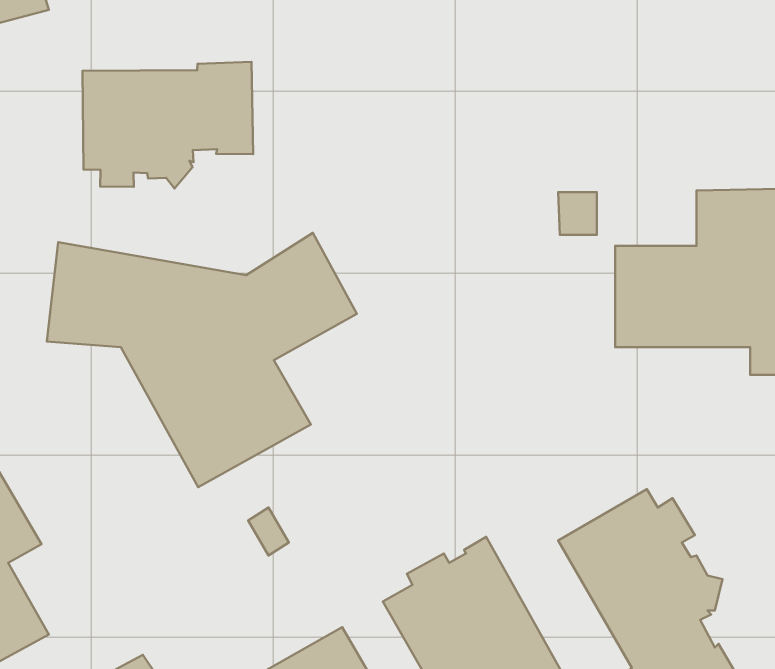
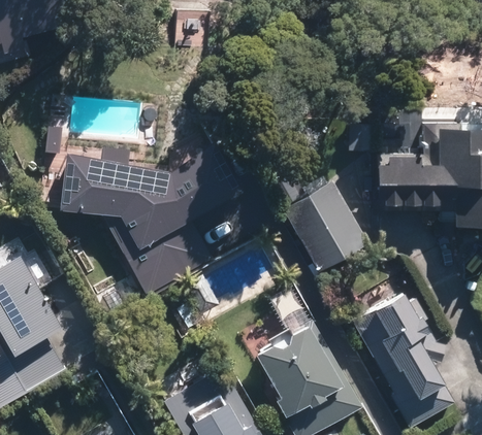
building: [82,62,253,188] -> none
building: none -> [280,179,364,270]

